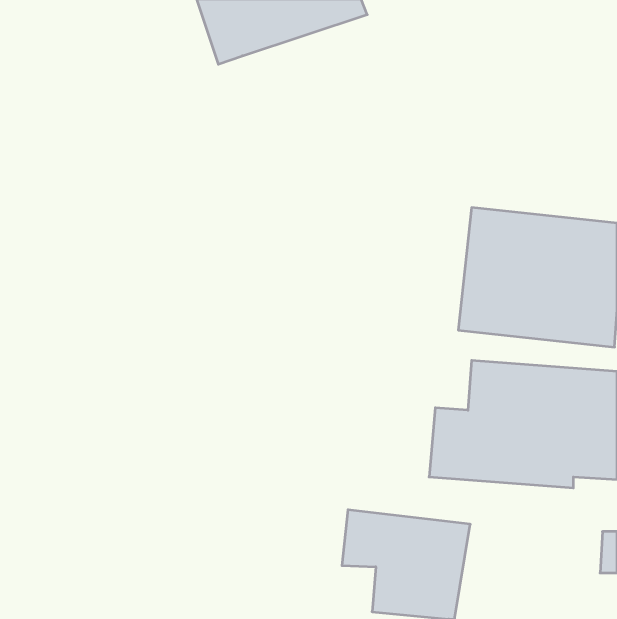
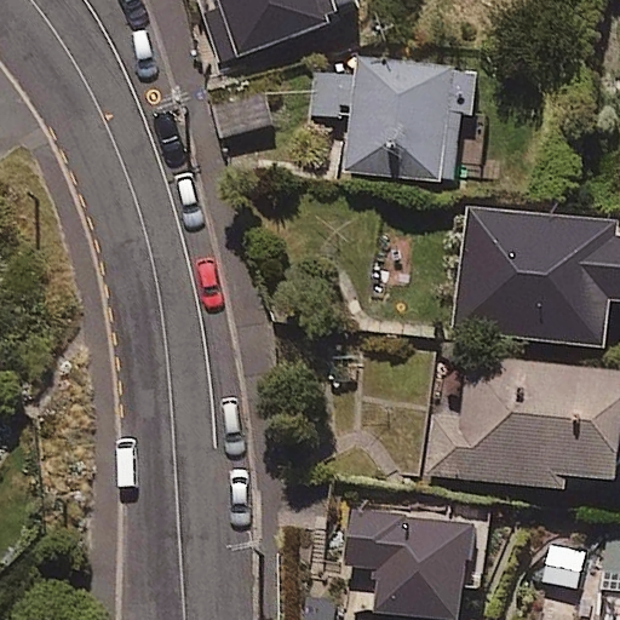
building: none -> [311,57,483,182]

